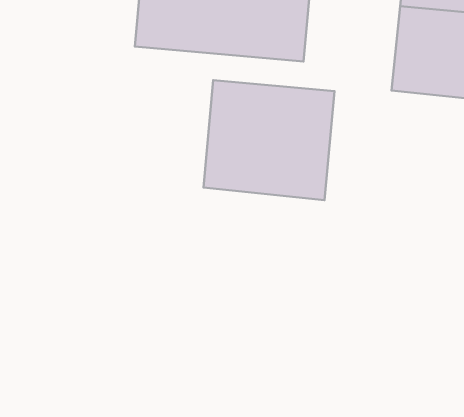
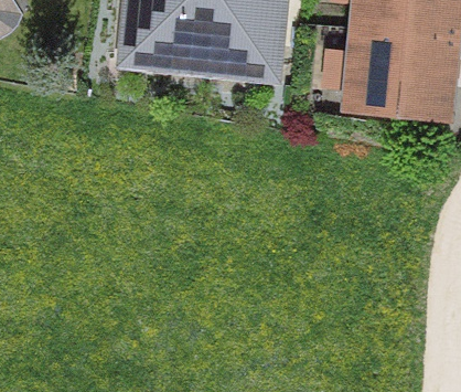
building: [203,80,335,200] -> none

